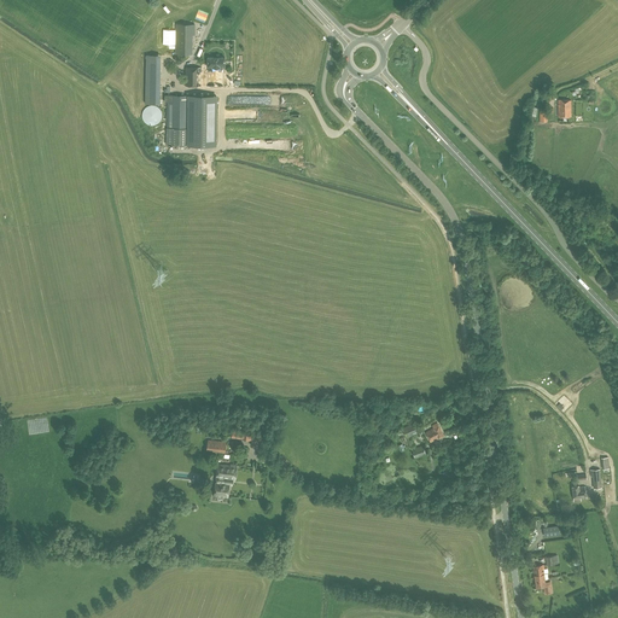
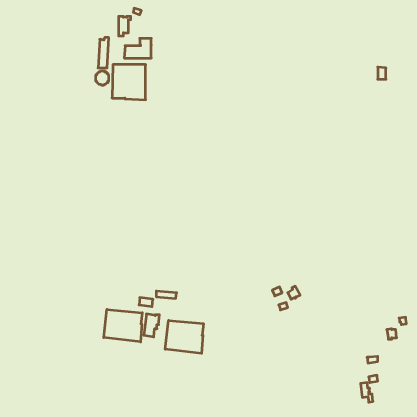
building: none -> [104,309,142,342]
building: none -> [165,320,203,353]

